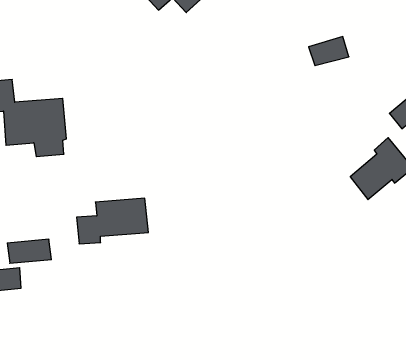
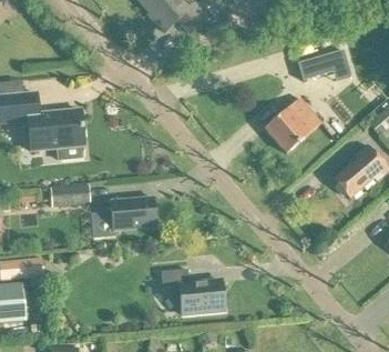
building: none -> [265,97,321,153]
building: [7,239,51,263] -> [50,184,89,205]
building: none -> [161,269,225,313]

